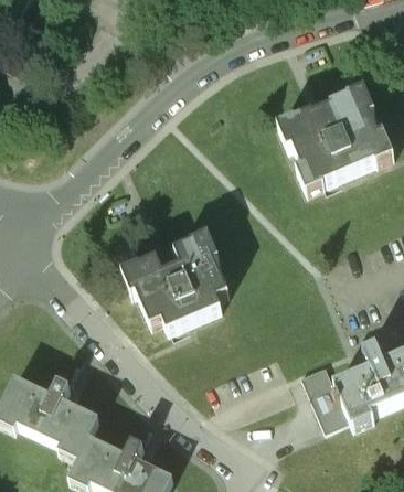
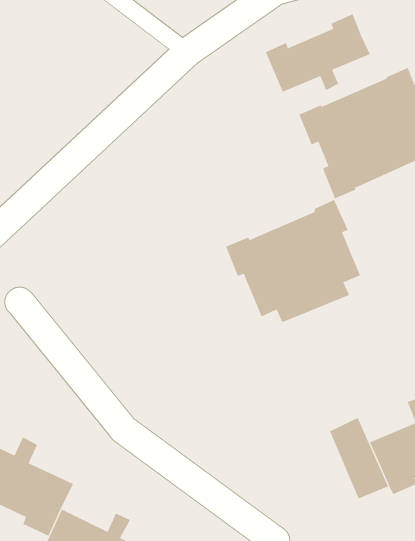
building: none -> [265,14,370,93]
building: [121,231,230,329] -> [225,199,361,323]

